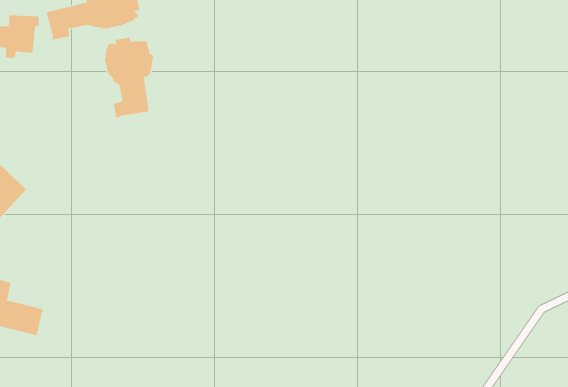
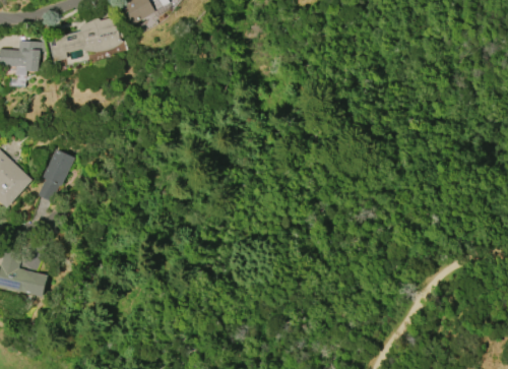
building: [104,36,154,118] -> none
building: none -> [36,149,73,202]

